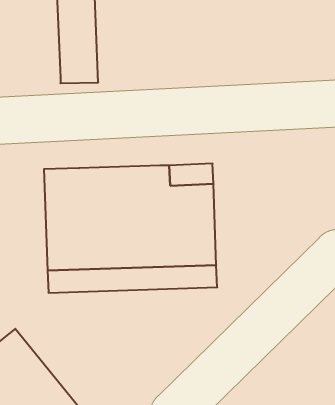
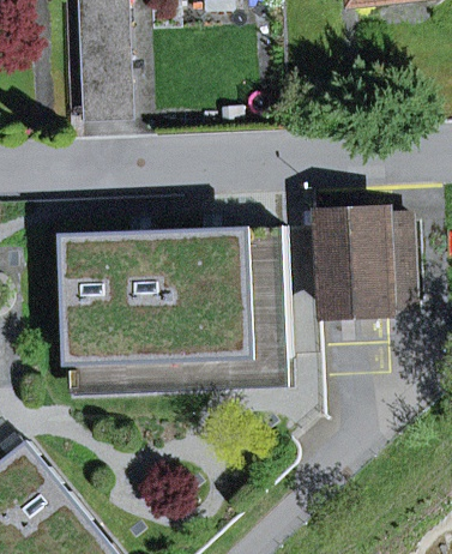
building: none -> [319,216,408,317]

